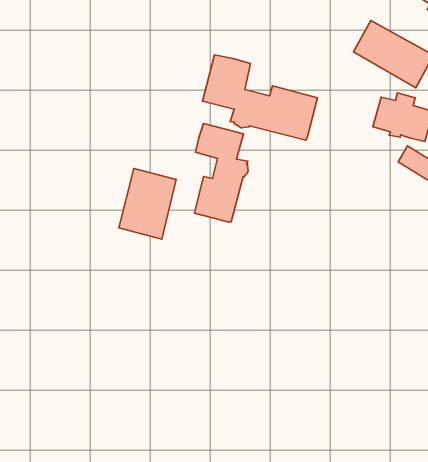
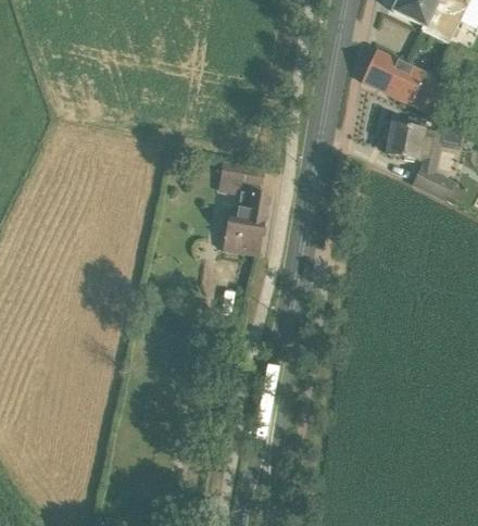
building: [203,55,318,140] -> none
building: [119,169,176,239] -> none

